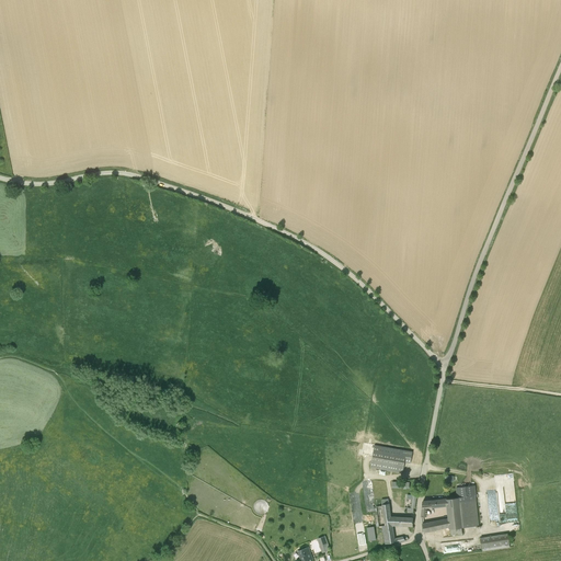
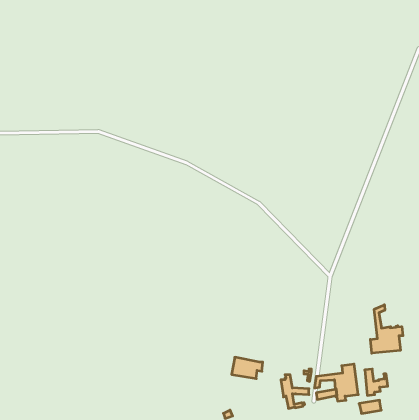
building: none -> [370,305,403,353]
building: [369,445,411,473] -> [232,357,263,379]

